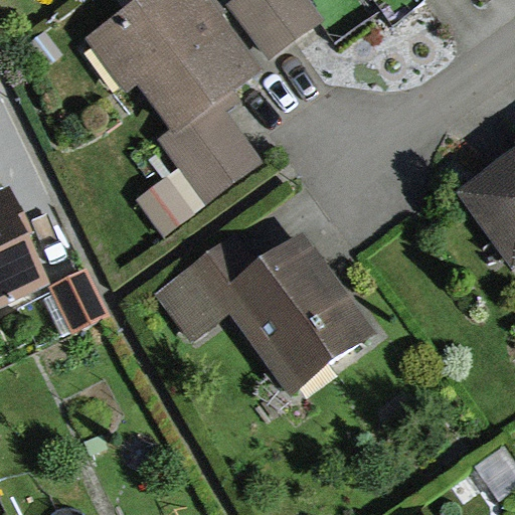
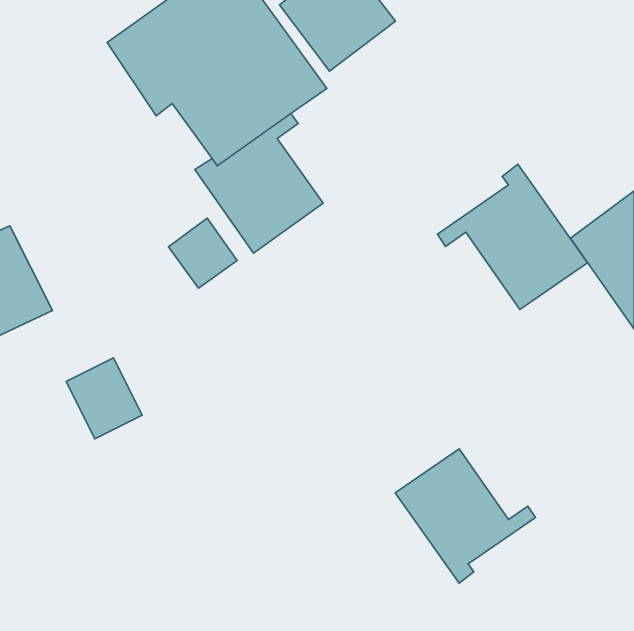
building: none -> [437,164,588,309]
building: [146,228,374,392] -> none
building: none -> [395,449,535,583]

